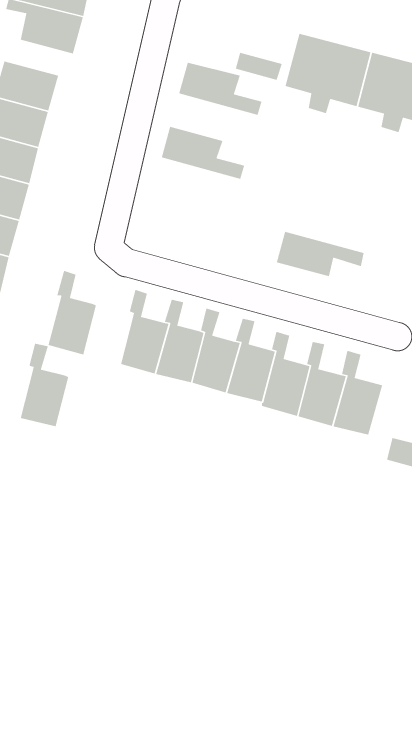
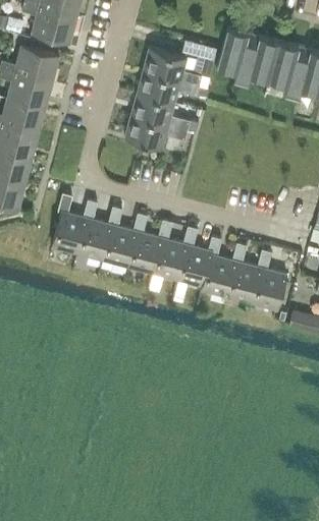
building: none -> [138,71,200,104]
building: [276,231,364,277] -> [125,116,188,149]
building: [20,343,69,427] -> [77,201,112,260]

